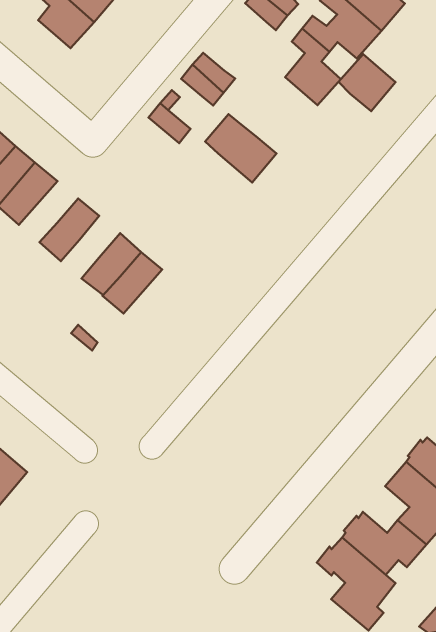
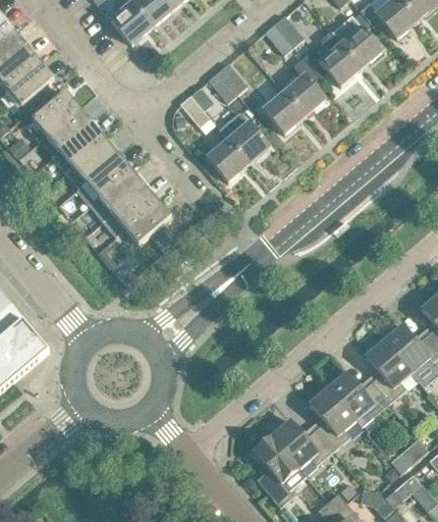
building: [339,54,396,111] -> [264,91,306,134]
building: none -> [207,139,249,181]
building: none -> [72,140,119,182]
building: none -> [99,170,146,214]

